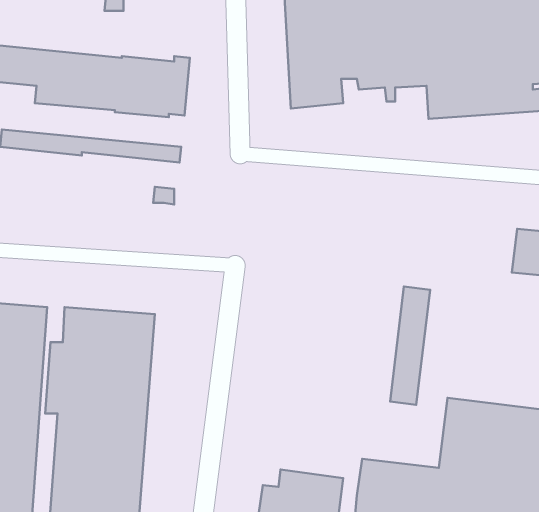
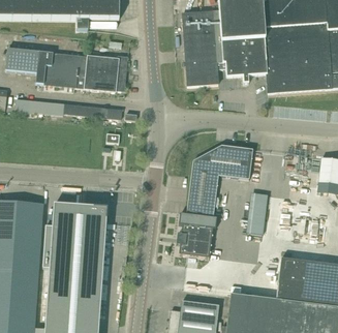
building: none -> [180,145,253,256]

